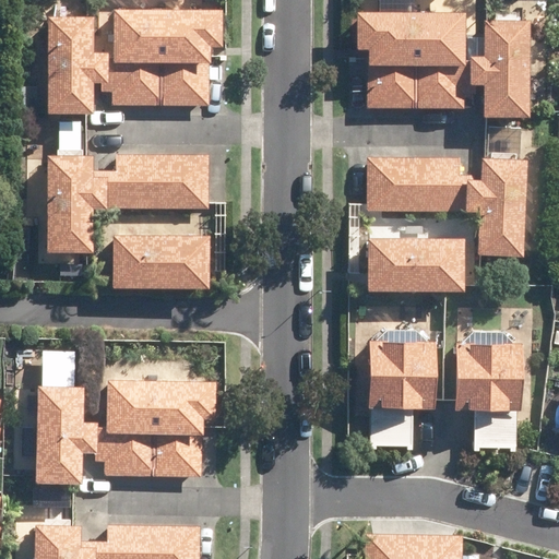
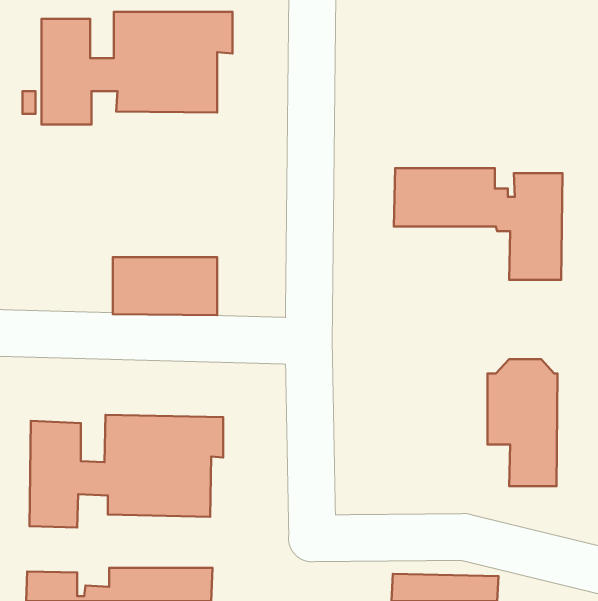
building: [356,13,531,118] -> none
building: [46,151,212,253] -> none
building: [367,239,464,293] -> none
building: [372,330,438,447] -> none

